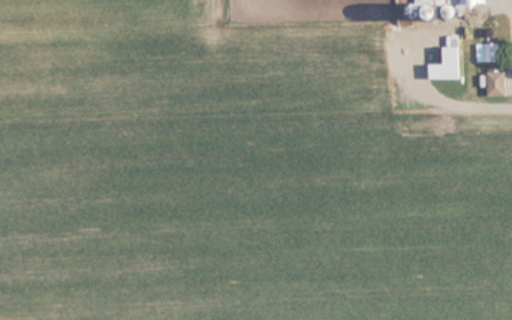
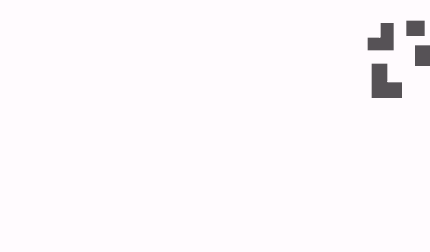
building: none -> [371,63,403,99]

